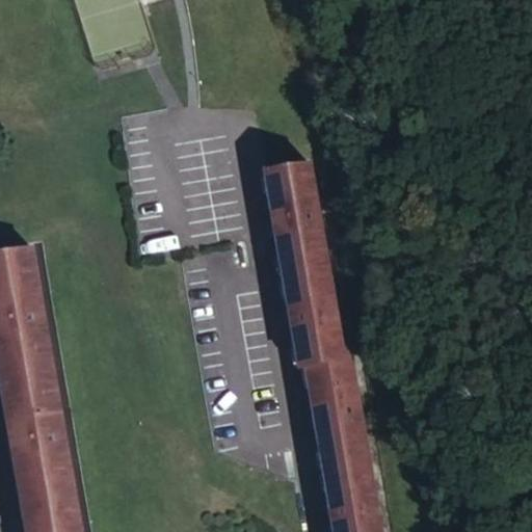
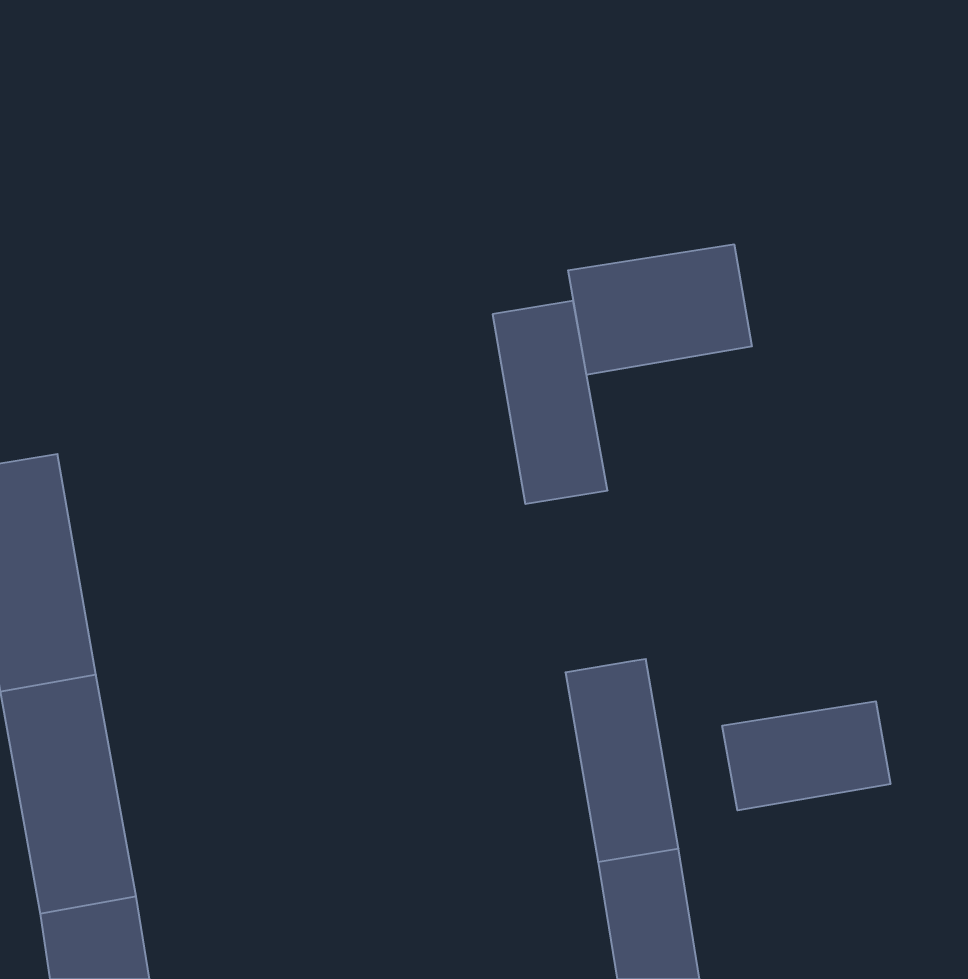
building: none -> [568,244,752,375]
building: [285,266,344,366] -> none
building: none -> [722,701,890,810]

